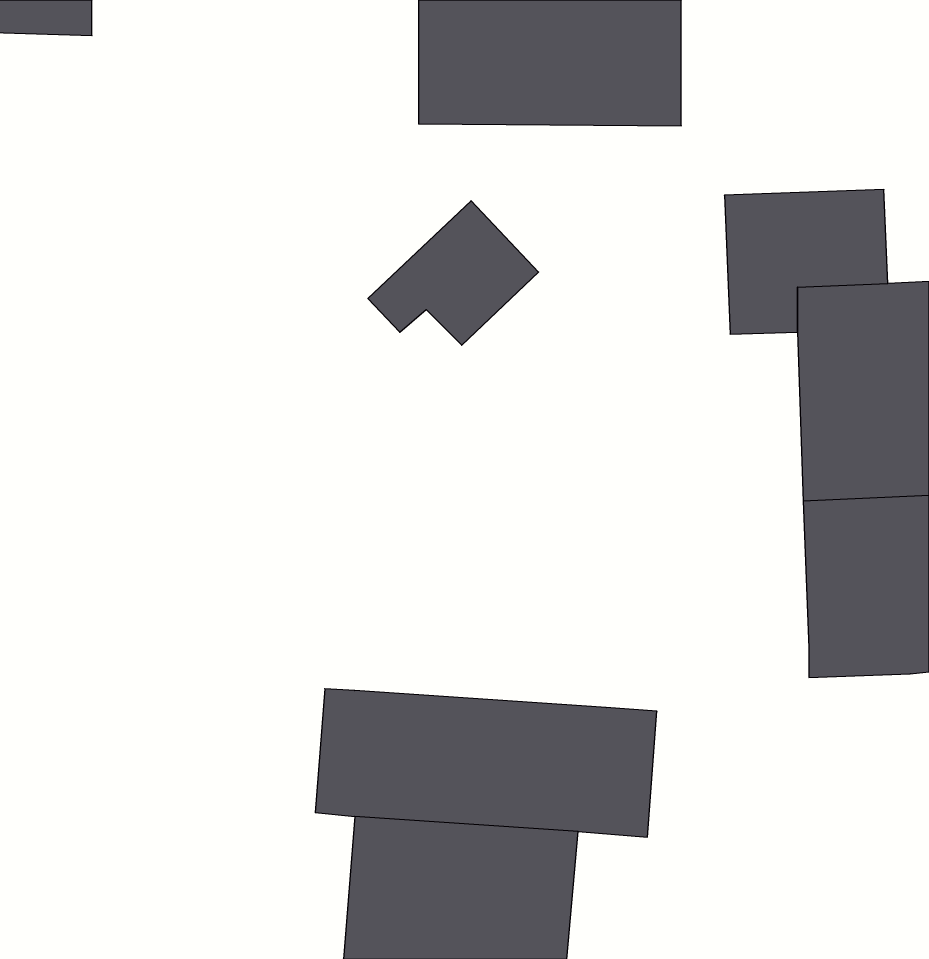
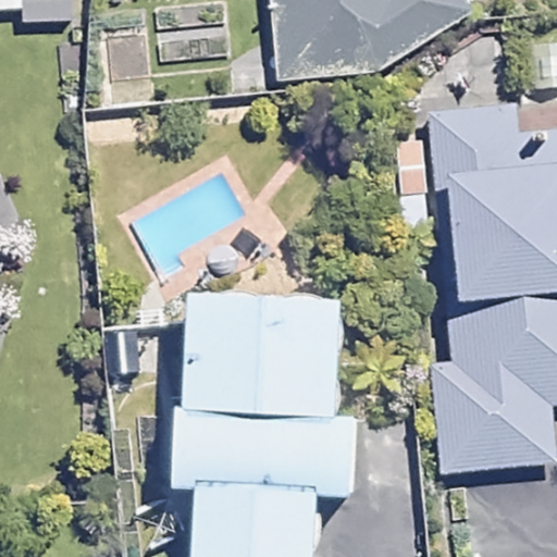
building: none -> [206,282,360,410]
building: none -> [412,375,530,462]

